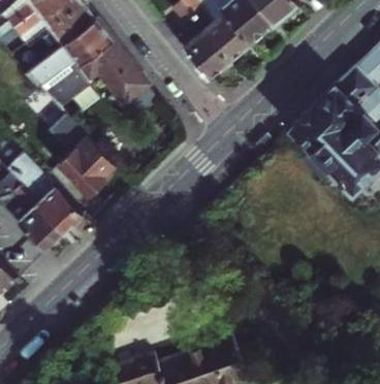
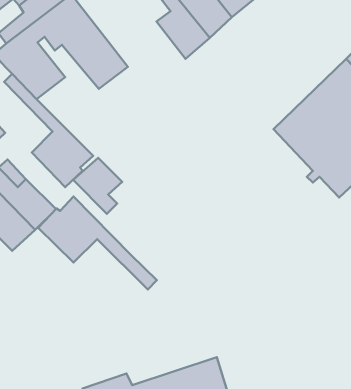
building: none -> [73,158,122,214]
building: none -> [38,197,157,289]

